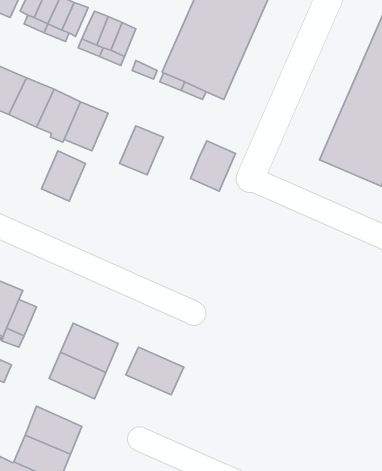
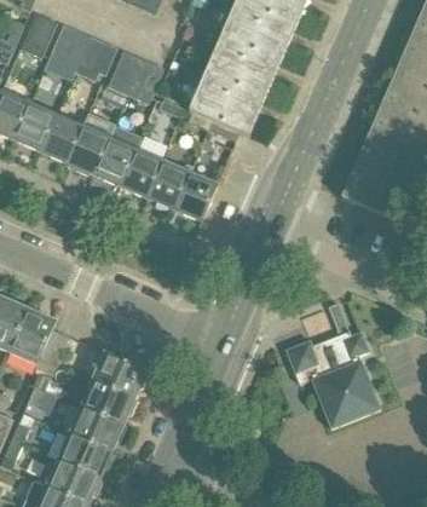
building: [190,141,236,191] -> [174,172,218,220]
building: [41,151,85,201] -> [121,149,163,197]
building: none -> [284,301,379,427]
building: [126,347,184,395] -> [68,404,123,450]

